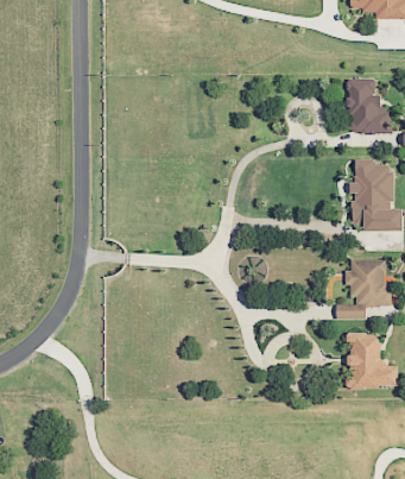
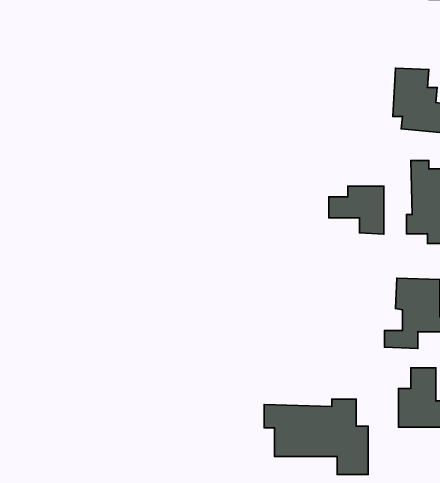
building: none -> [329,186,384,234]
building: none -> [264,399,368,474]

